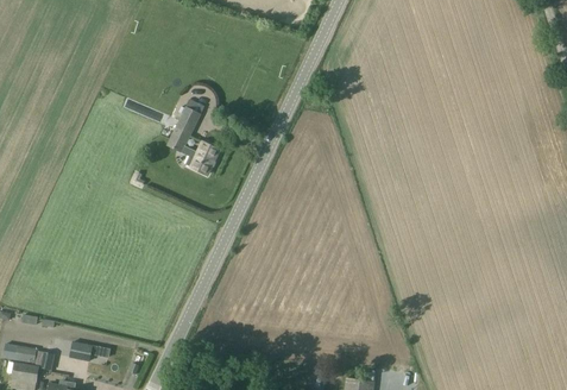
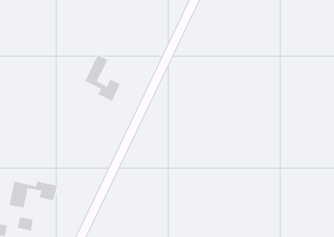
building: none -> [9,181,58,208]

